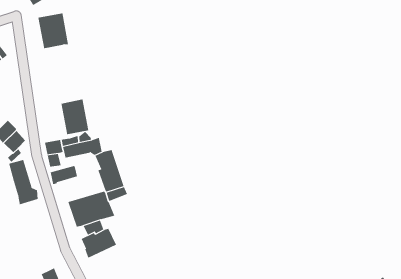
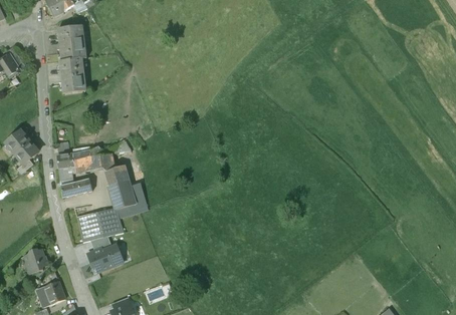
building: [61,99,89,135] -> [58,57,85,92]
building: [9,159,38,205] -> none
building: none -> [23,248,47,274]

